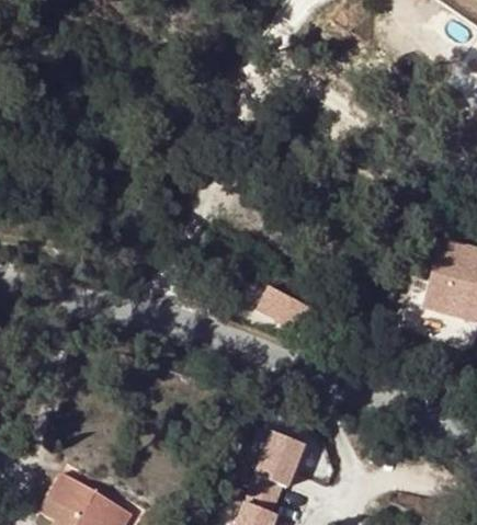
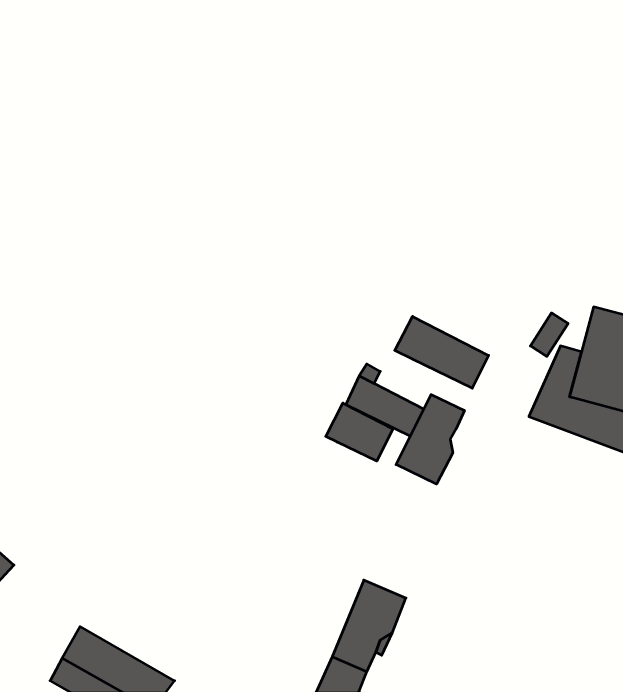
building: none -> [395,316,489,388]
building: none -> [396,395,464,484]
building: none -> [326,403,393,461]

